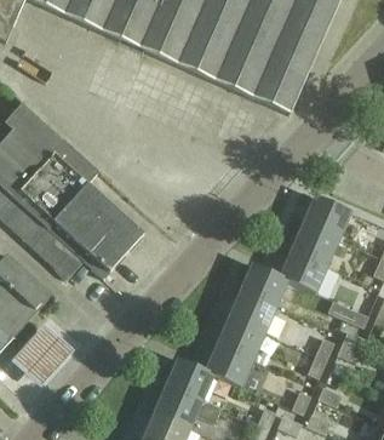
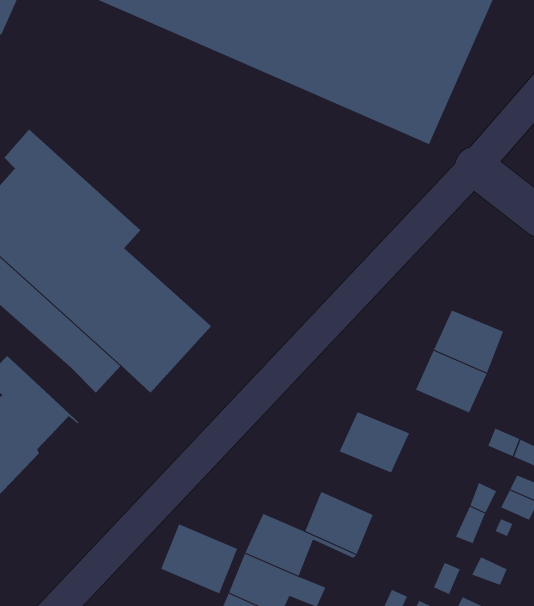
building: [304,194,351,236] -> none
building: [241,263,316,304] -> none
building: [217,316,280,365] -> none
building: [11,322,73,385] -> none
building: none -> [160,523,238,594]

